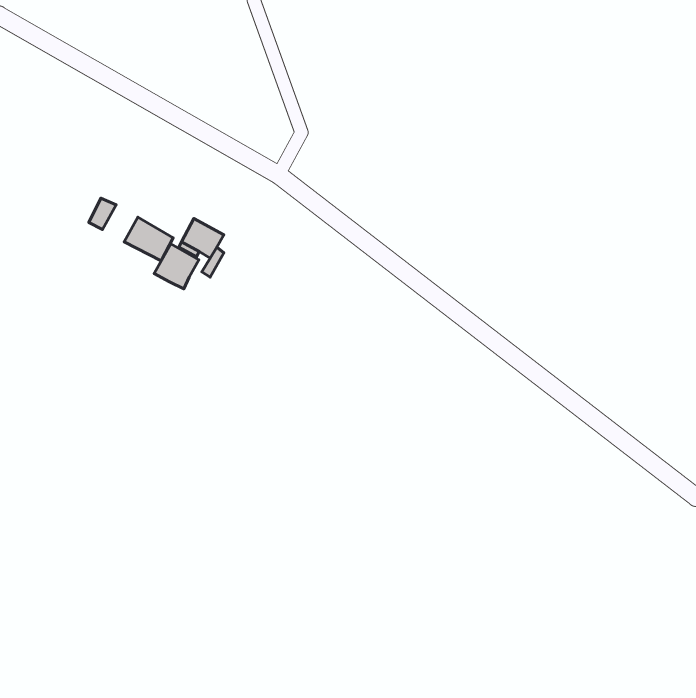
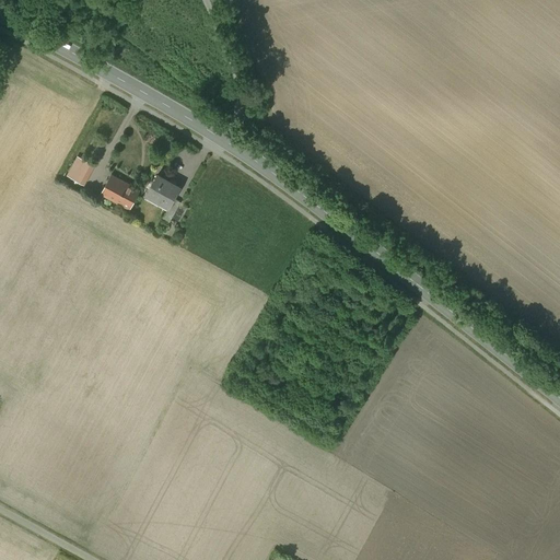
building: [154,244,199,289] -> none

